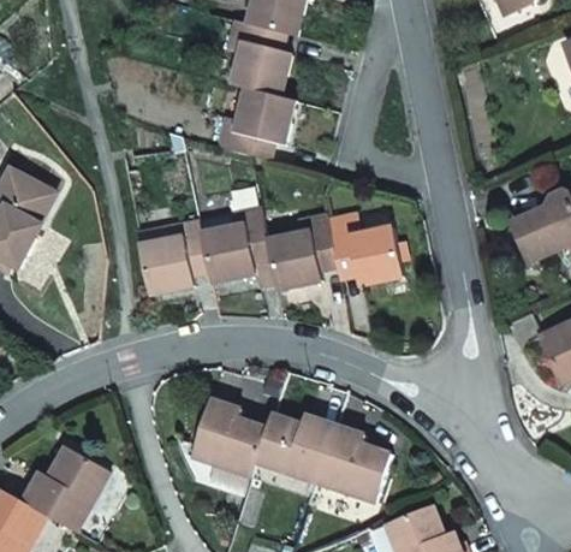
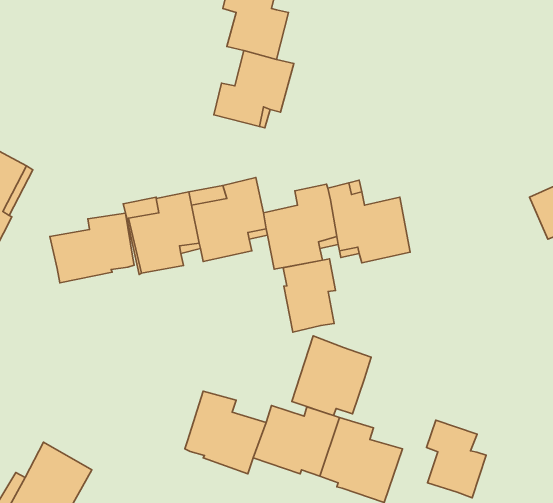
building: none -> [50,213,134,283]
building: none -> [283,259,335,332]
building: none -> [292,336,371,415]
building: none -> [426,420,486,498]

